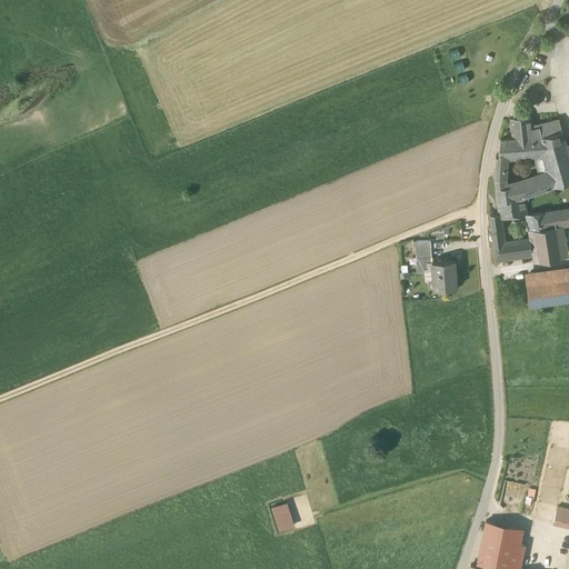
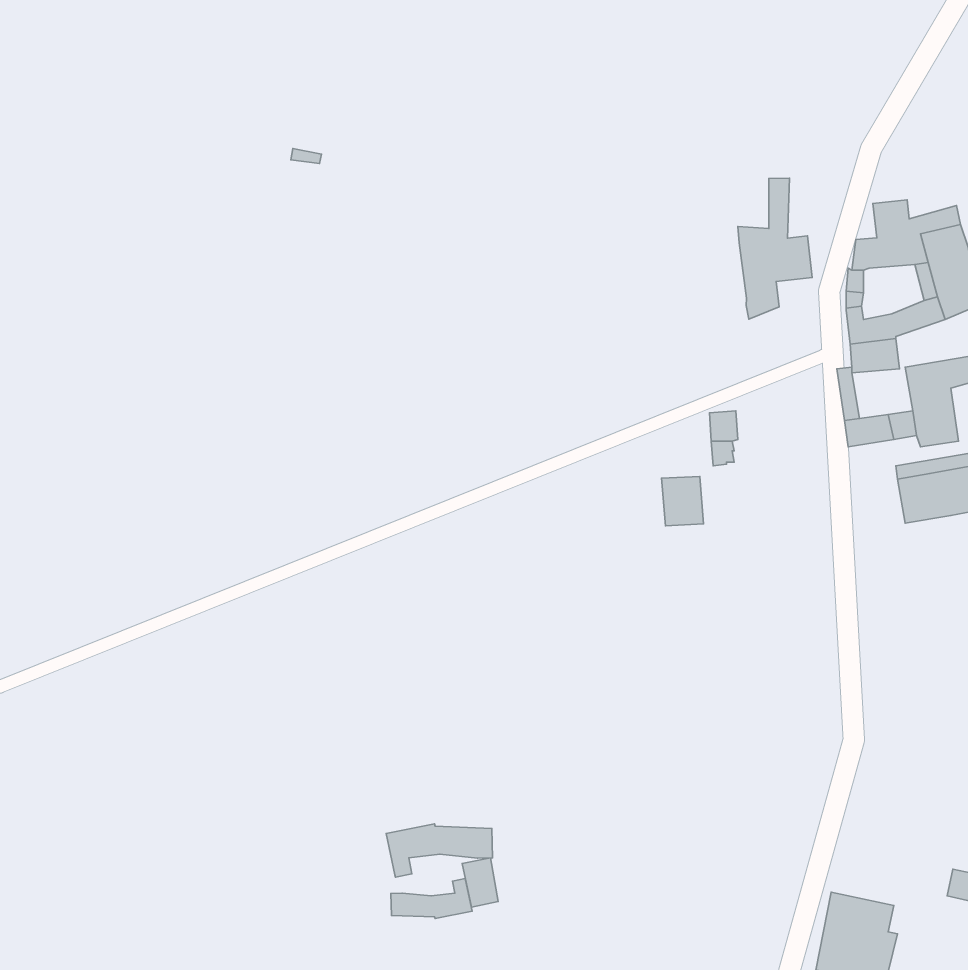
building: none -> [738,178,812,319]
building: [433,261,458,290] -> [662,476,704,526]
building: none -> [386,824,492,877]
building: none -> [391,879,472,919]

